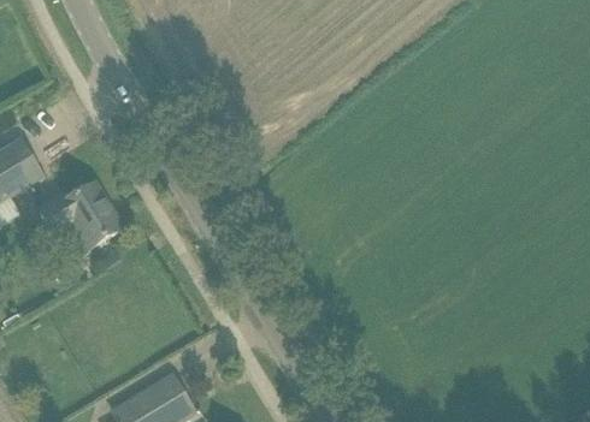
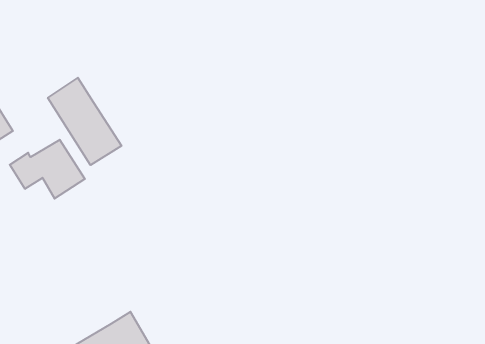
building: none -> [48,78,121,165]

